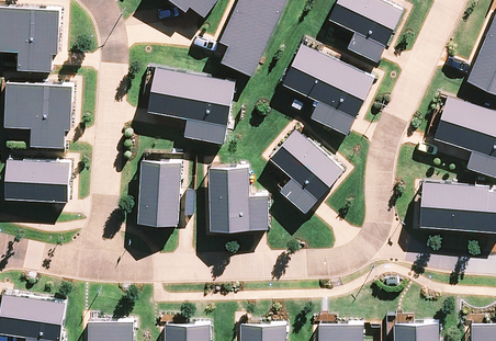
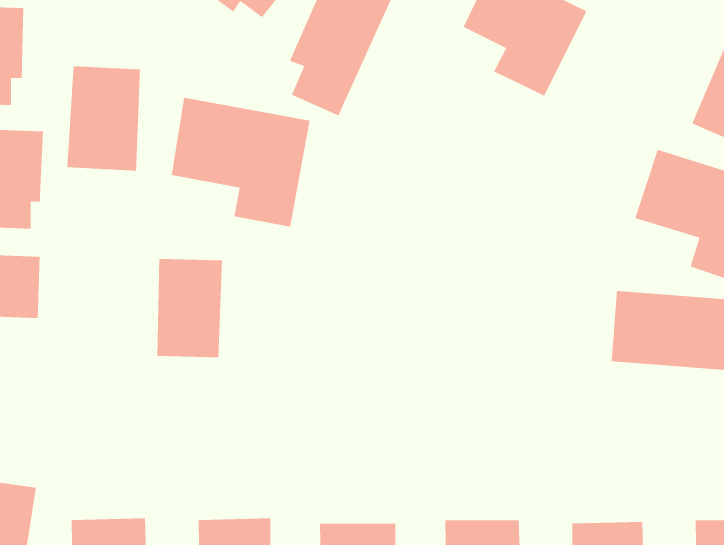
building: [281,43,374,132] -> none
building: none -> [67,65,141,171]
building: [269,128,343,214] -> none
building: [210,167,266,232] -> none

